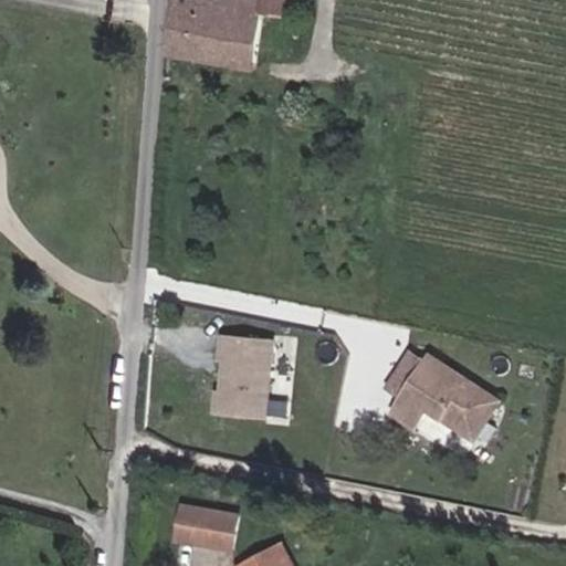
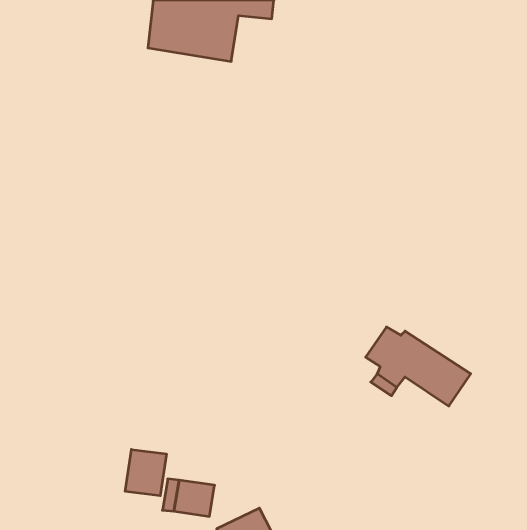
building: [214,334,276,420] -> none
building: none -> [125,449,166,496]

